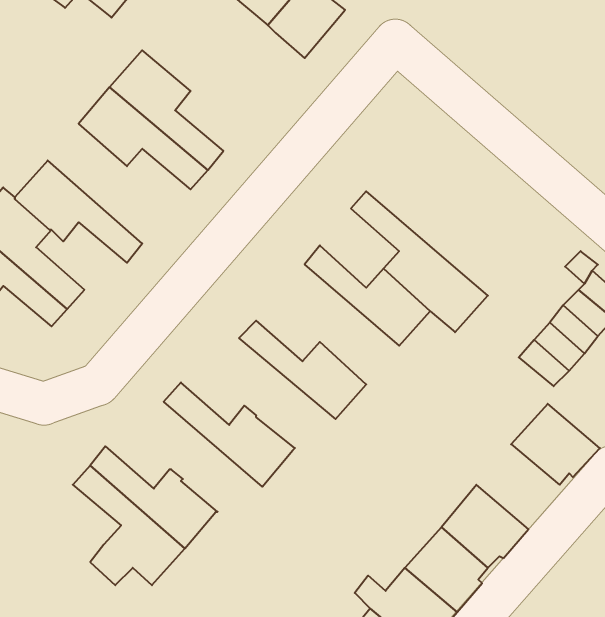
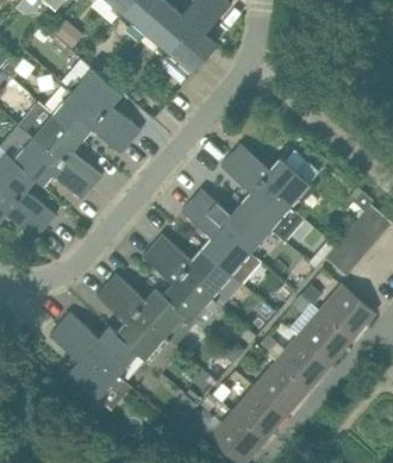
building: none -> [19,102,102,188]
building: none -> [230,144,310,207]
building: none -> [181,201,250,275]
building: none -> [142,246,222,330]
building: none -> [95,286,166,361]
building: none -> [298,312,349,364]

